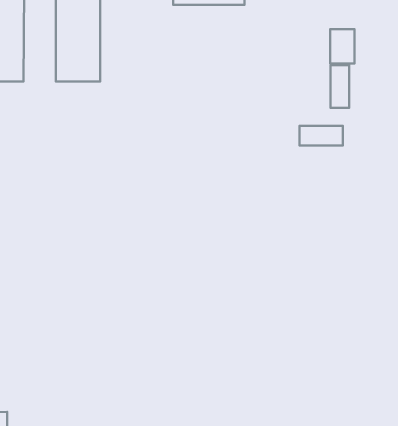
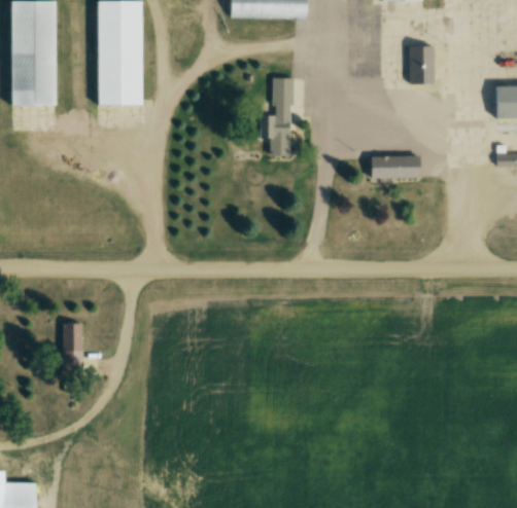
building: none -> [263,77,292,156]
building: [330,65,349,108] -> none
building: none -> [60,322,83,378]

